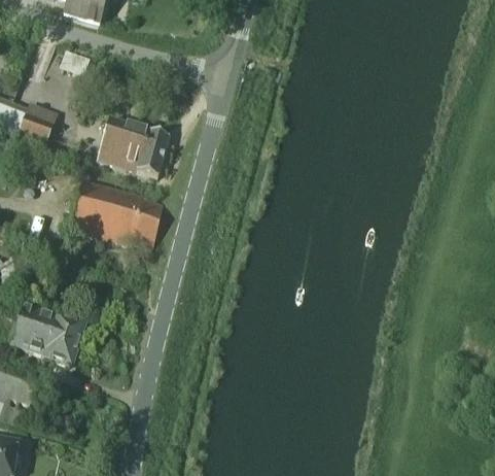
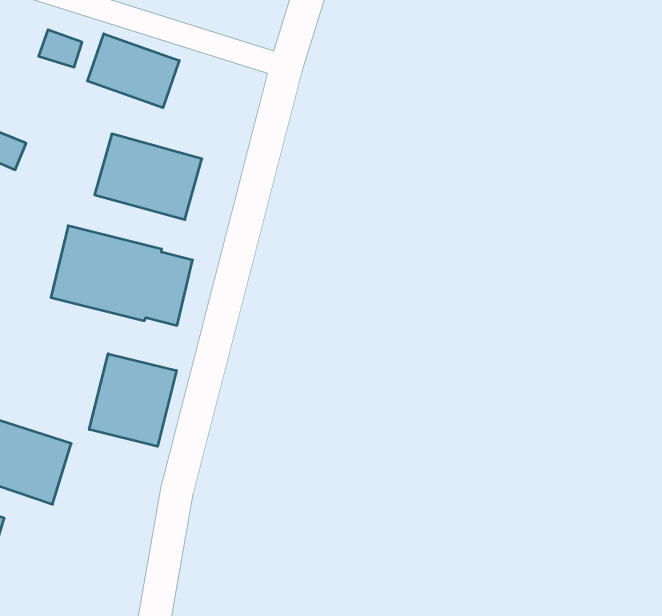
building: none -> [87,34,179,108]
building: none -> [89,354,176,446]

